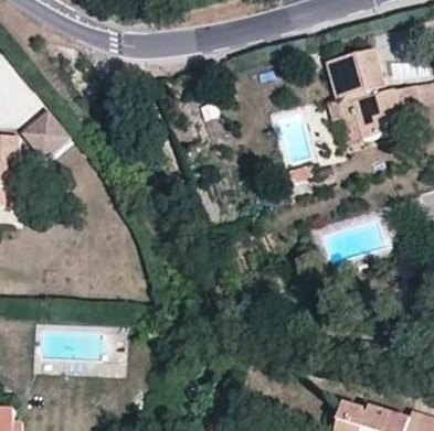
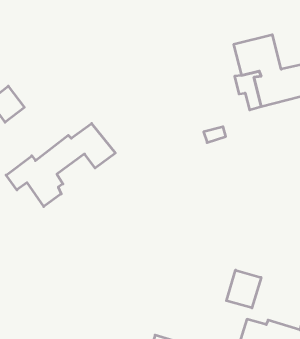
building: none -> [6,123,115,207]
building: none -> [226,270,261,308]

